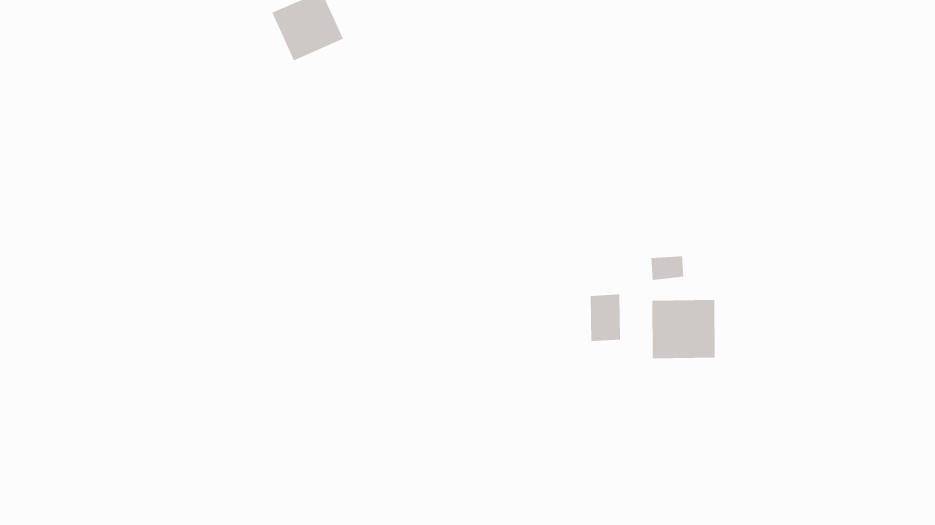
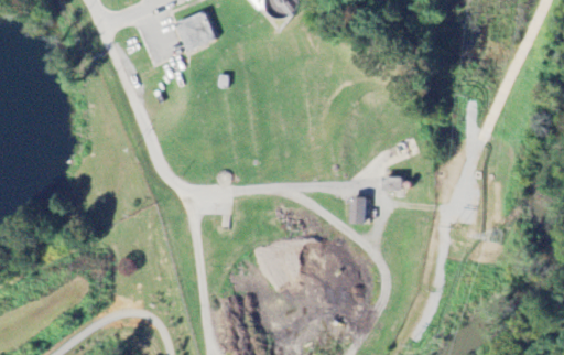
building: [652,299,715,359] -> none

